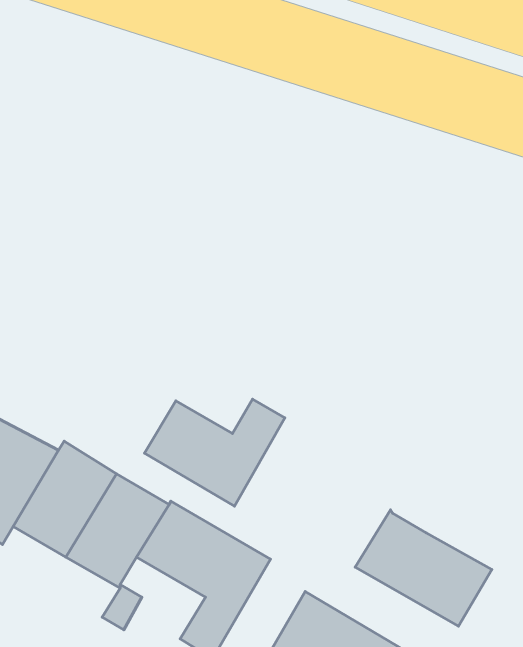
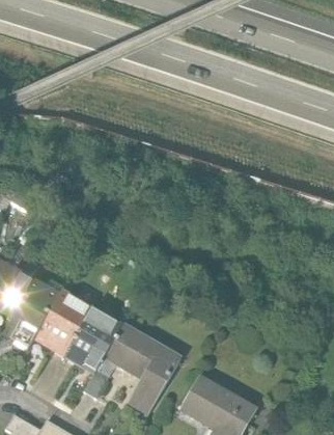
building: [145,399,285,506] -> none
building: [355,510,492,626] -> none

